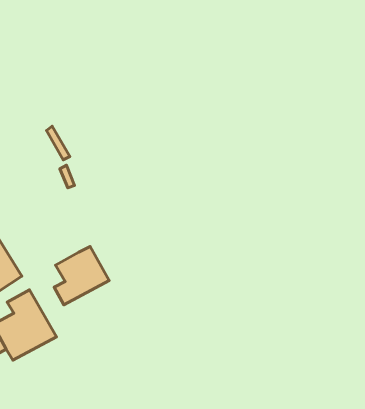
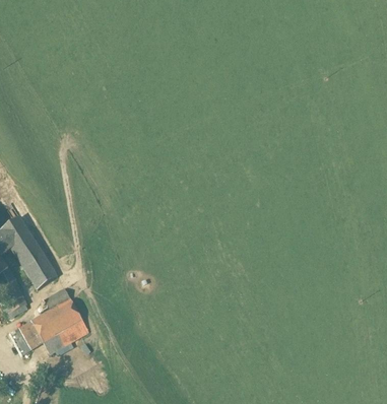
building: [54,247,109,305] -> none

